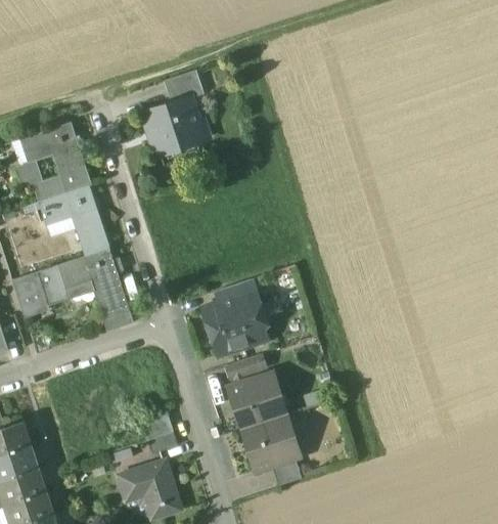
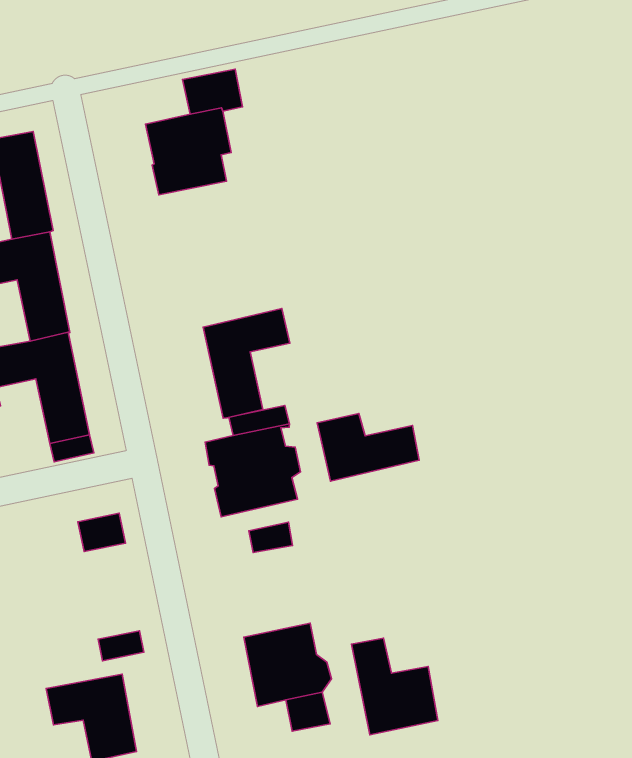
building: none -> [203,309,290,418]
building: none -> [317,413,419,481]
building: [227,374,281,430] -> none
building: [142,414,174,441] -> [78,513,126,552]
building: none -> [351,638,438,735]

